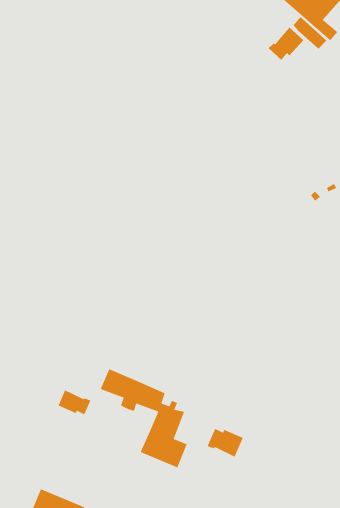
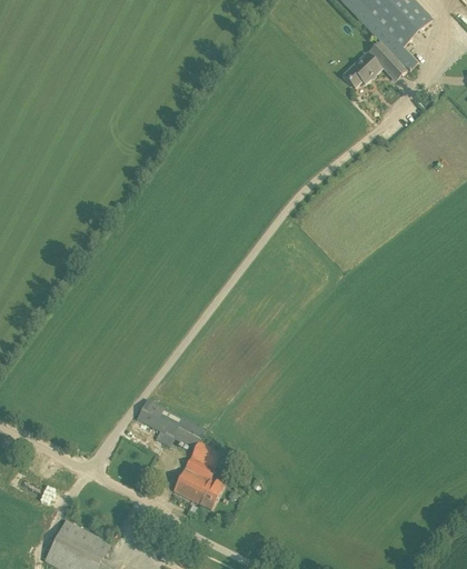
building: [58,390,91,415] -> none
building: [207,428,243,457] -> none

